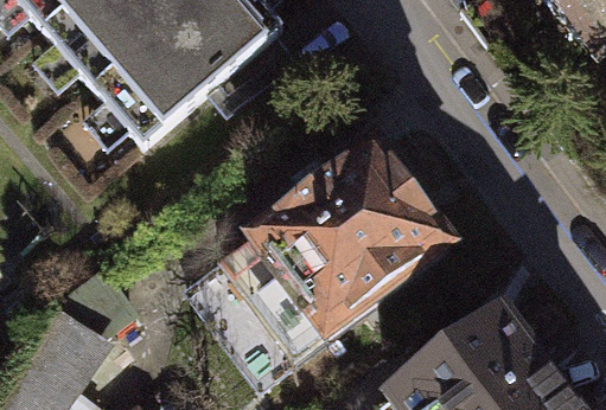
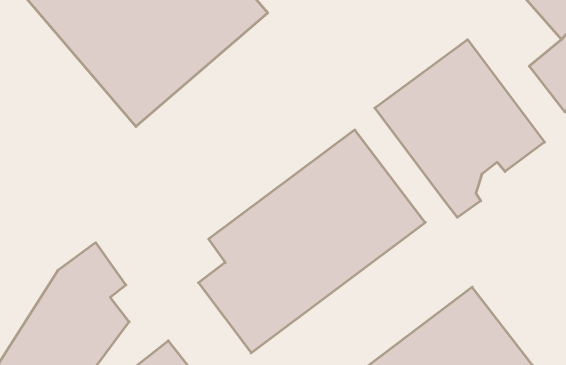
building: none -> [375,40,545,217]

